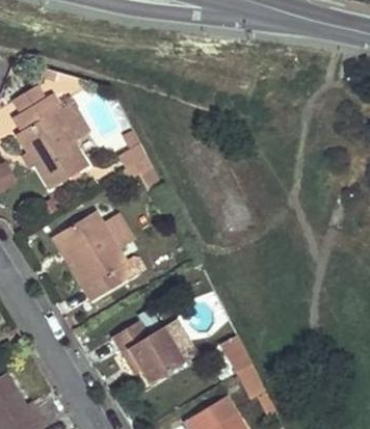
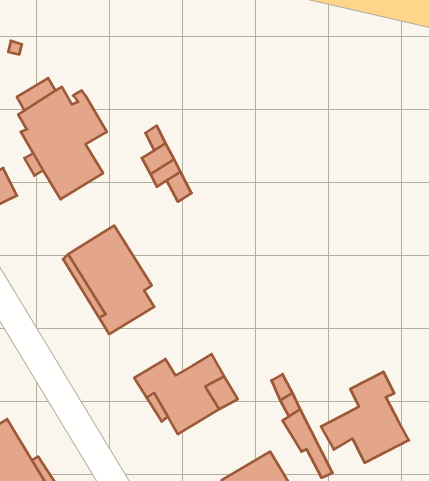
building: none -> [321,372,409,463]

